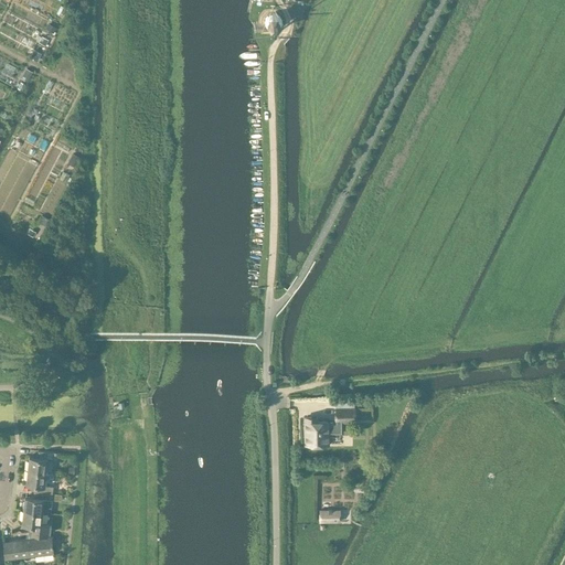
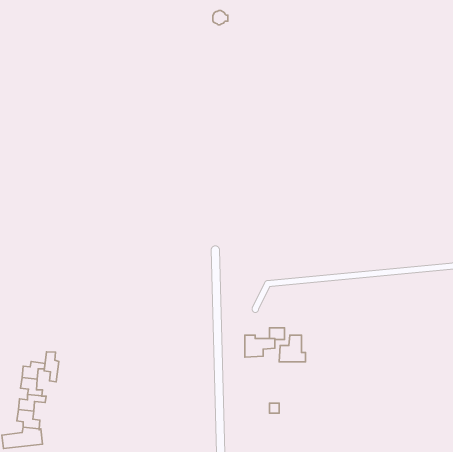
building: none -> [279,335,306,362]
building: none -> [44,352,59,382]

